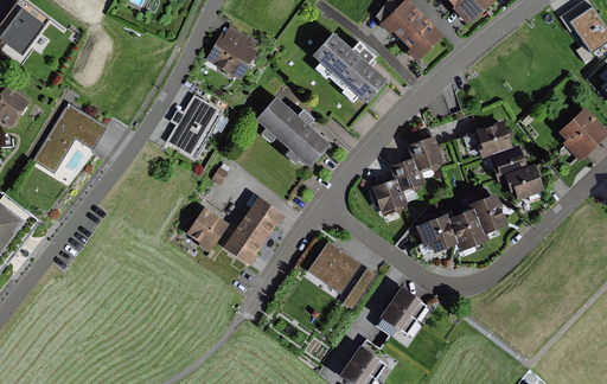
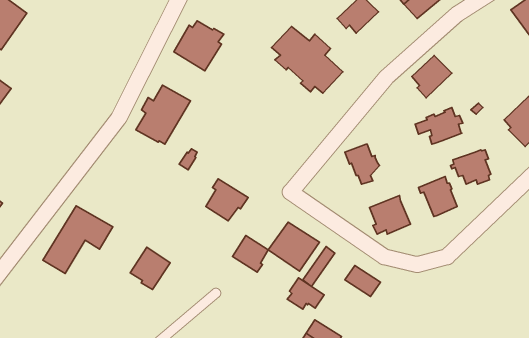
building: [400,17,442,62] -> [412,55,452,98]
building: [253,96,328,167] -> none
building: [31,102,106,174] -> [43,206,113,274]
building: [405,135,442,177] -> none
building: [484,143,526,181] -> none
building: [370,178,407,220] -> none
building: [185,206,228,251] -> [130,247,170,289]
building: [447,209,488,255] -> none
building: [225,224,263,263] -> [233,235,268,272]
building: [376,302,415,335] -> [287,278,324,309]

